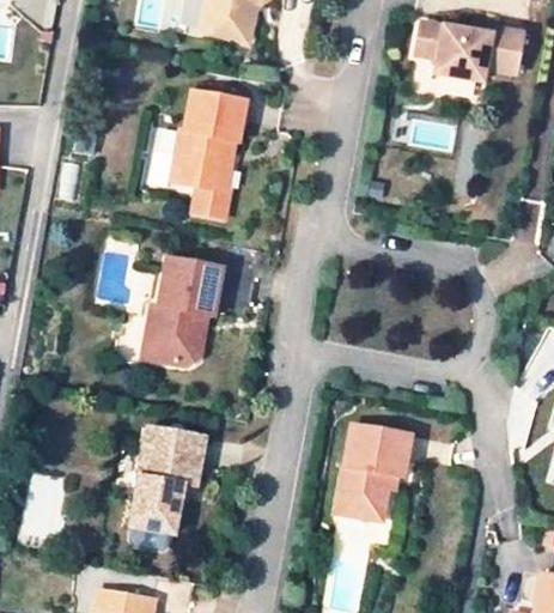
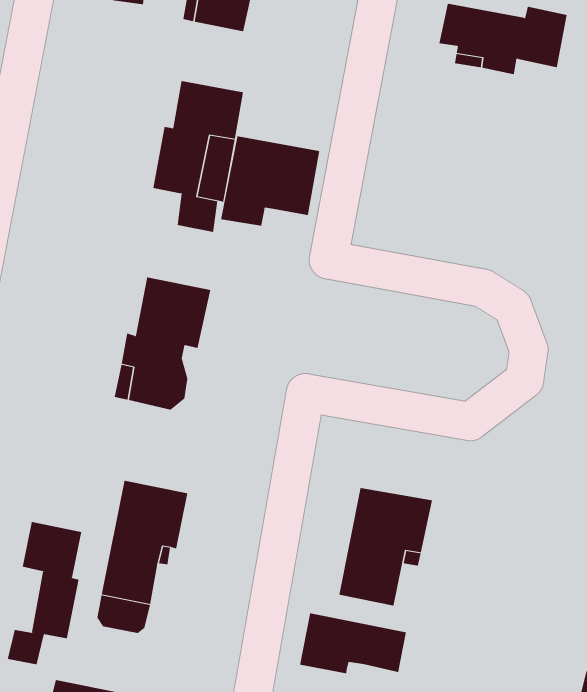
building: none -> [220,136,320,226]
building: none -> [7,521,82,665]
building: none -> [299,612,407,674]

